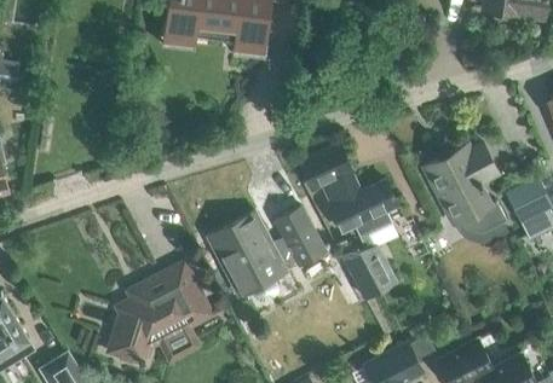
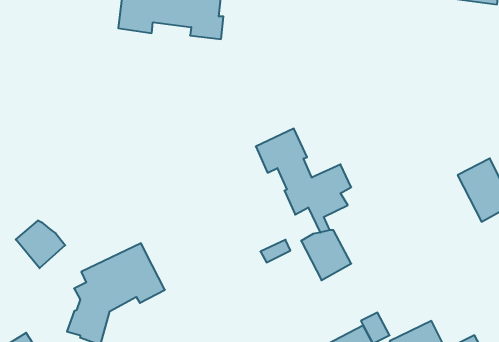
building: [422,143,508,231] -> none
building: [208,208,326,302] -> none
building: none -> [16,220,65,268]

